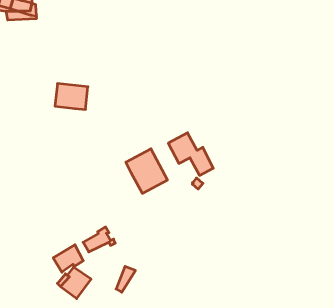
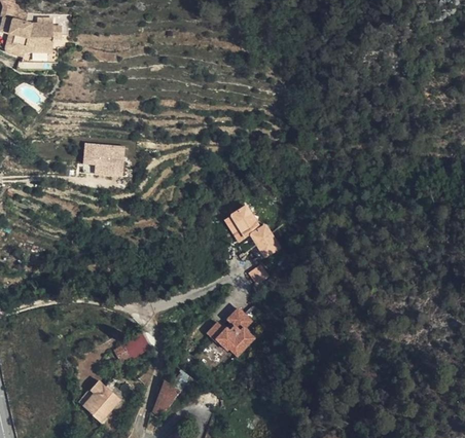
building: [126,149,167,193] -> none
building: none -> [208,304,254,351]
building: [53,245,83,272] -> none

